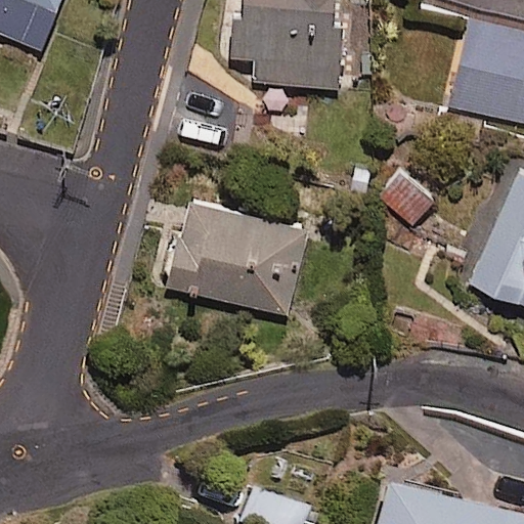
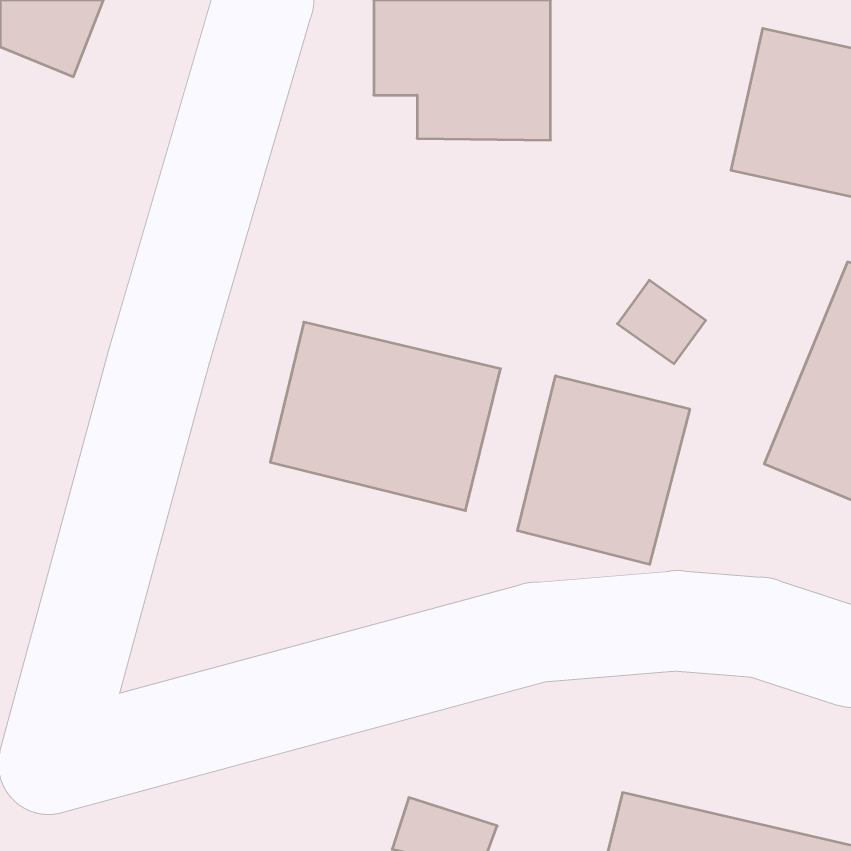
building: none -> [517,376,690,564]

